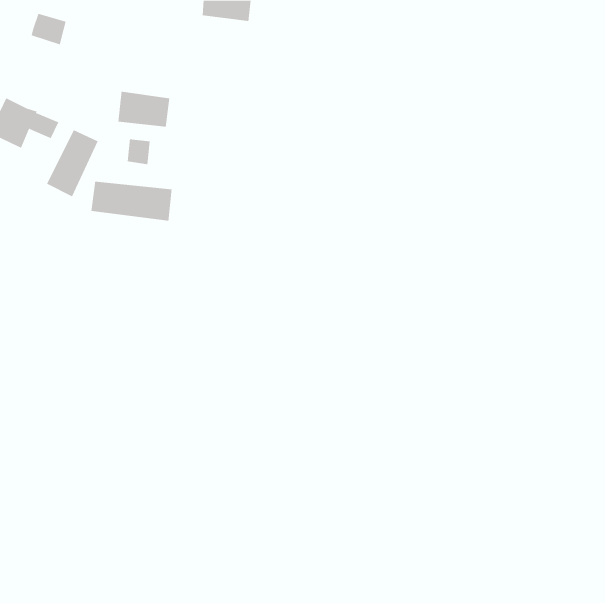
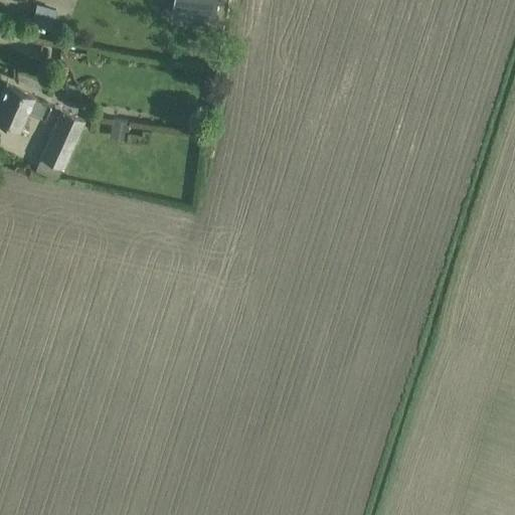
building: [118,91,170,127] -> none
building: [91,181,172,221] -> none

